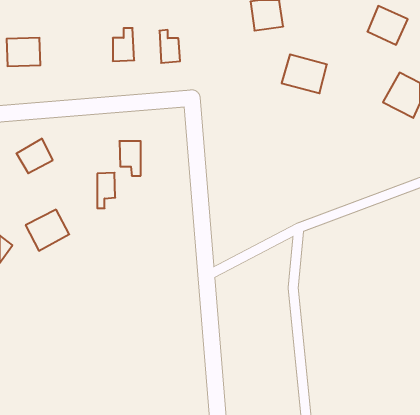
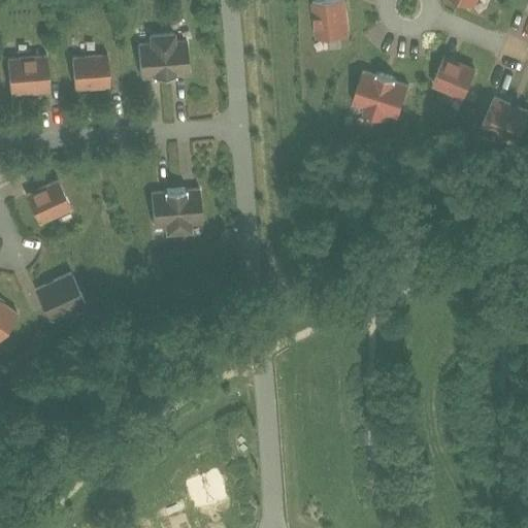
building: [367,6,408,45] -> [431,58,482,106]
building: [159,30,180,63] -> [166,42,192,84]
building: none -> [72,53,111,86]
building: [97,173,115,208] -> [176,184,199,228]

